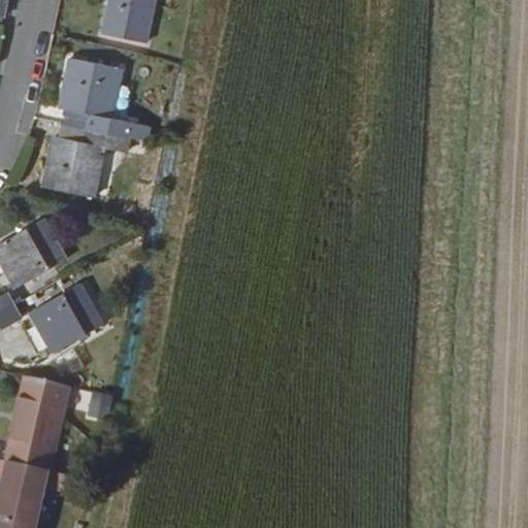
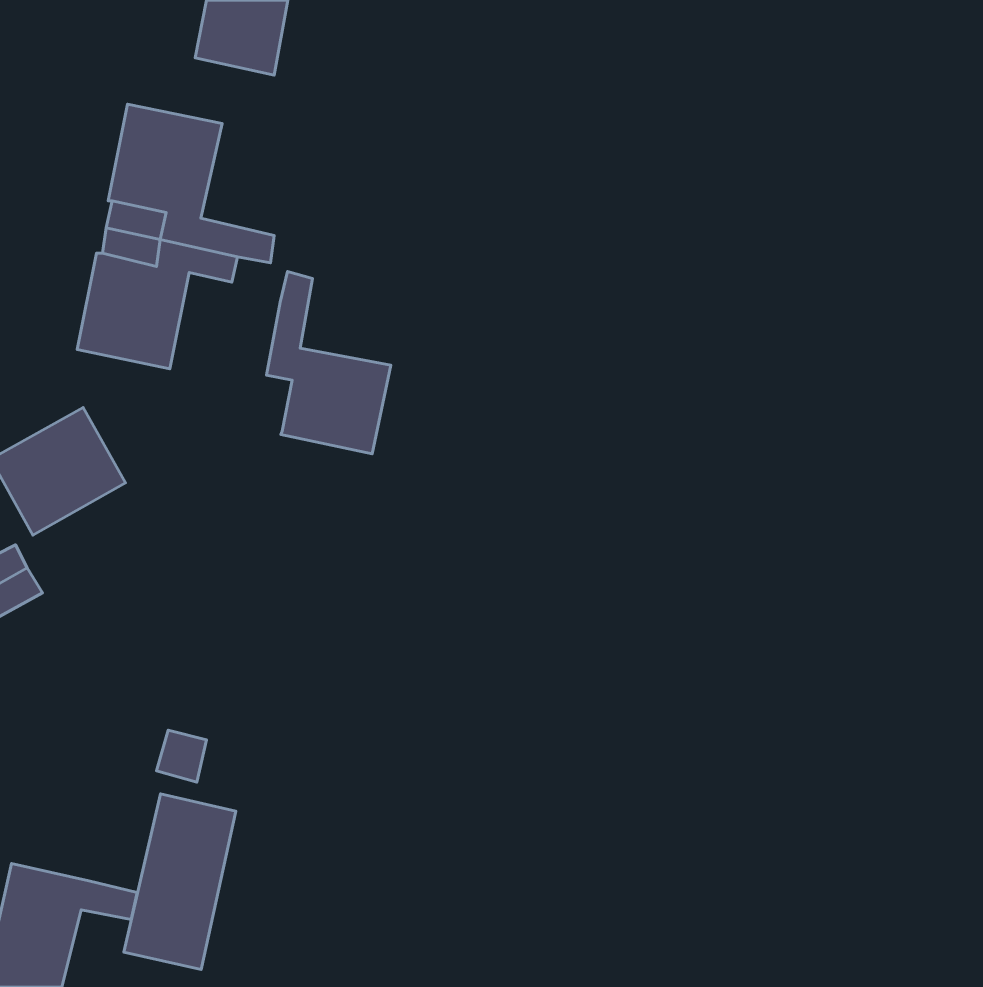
building: none -> [267,272,391,454]
building: [32,284,104,351] -> none
building: [6,376,66,470] -> [124,794,236,969]

